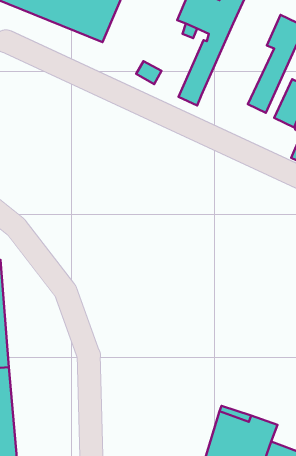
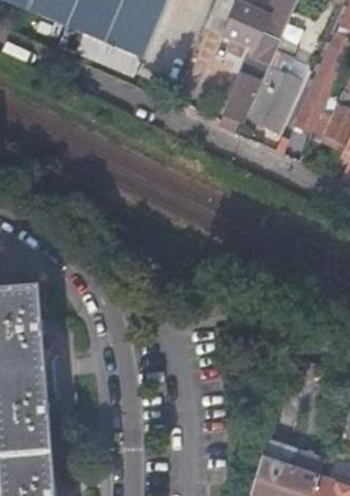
building: none -> [248,36,299,126]

